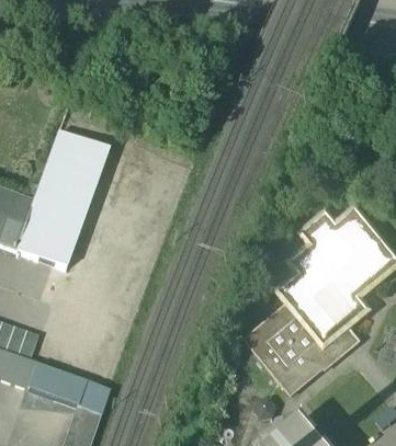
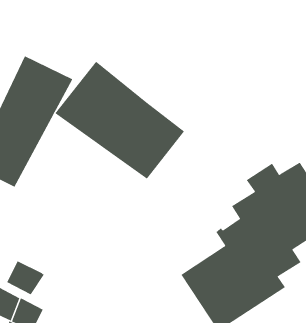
building: none -> [55,61,185,180]
building: none -> [7,261,44,295]

